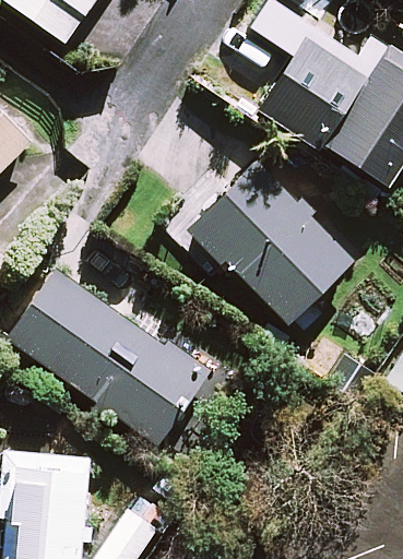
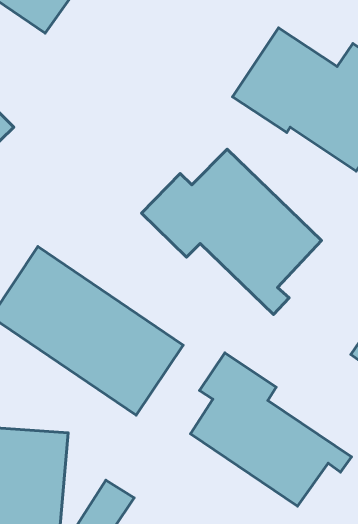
building: none -> [191,353,351,506]

